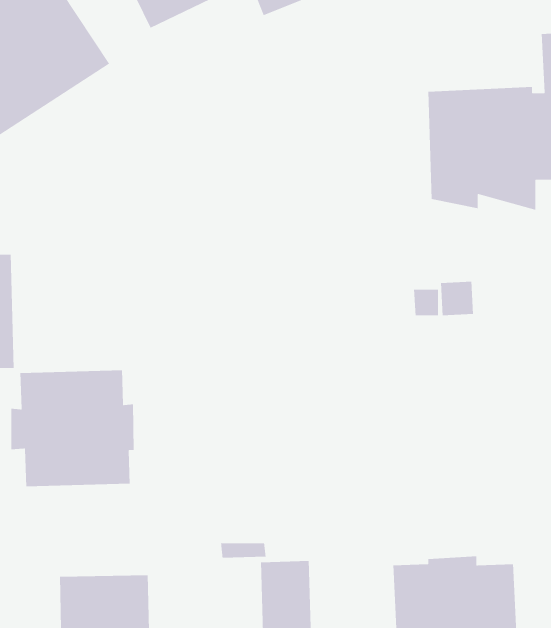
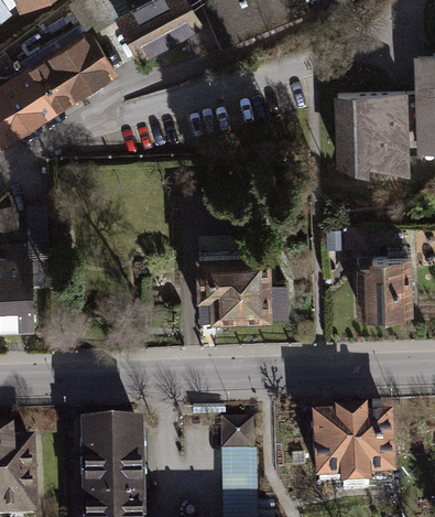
building: none -> [197,251,291,322]
building: none -> [358,258,414,315]
building: [11,370,134,487] -> none

